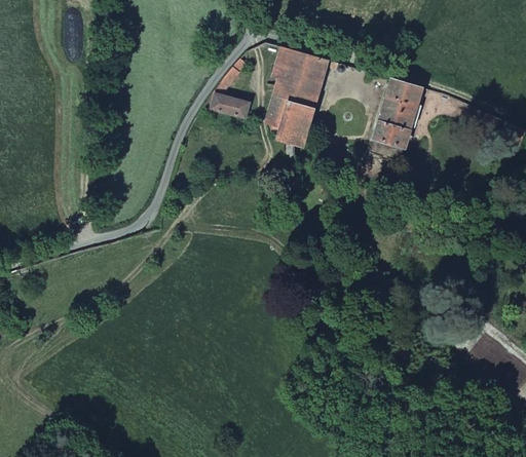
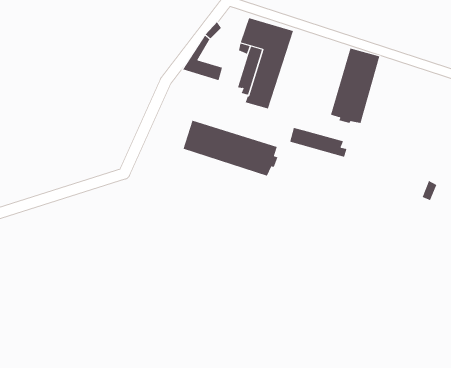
building: none -> [183,120,278,177]
building: none -> [289,127,347,158]

